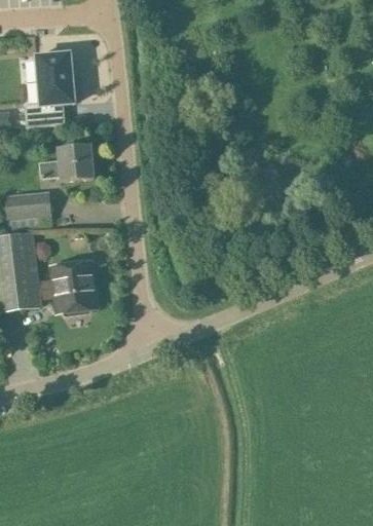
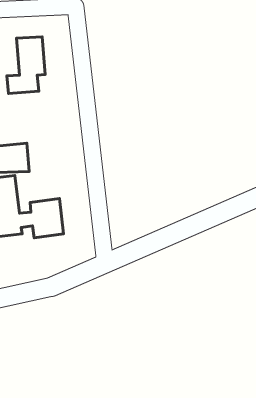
building: [39,143,95,181] -> none

